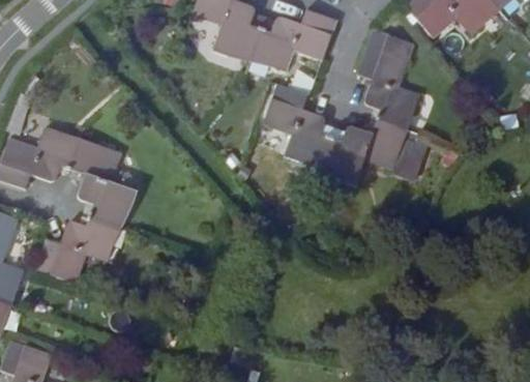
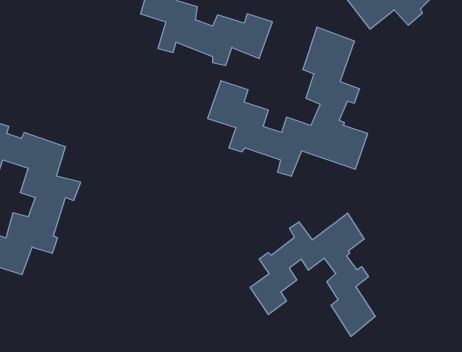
building: none -> [250,213,375,336]

